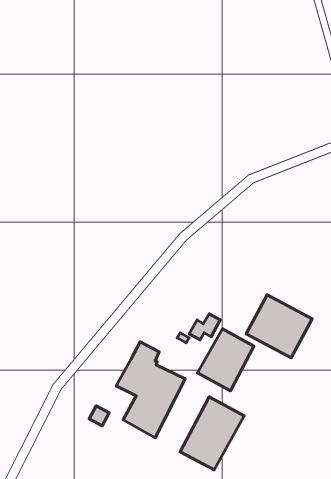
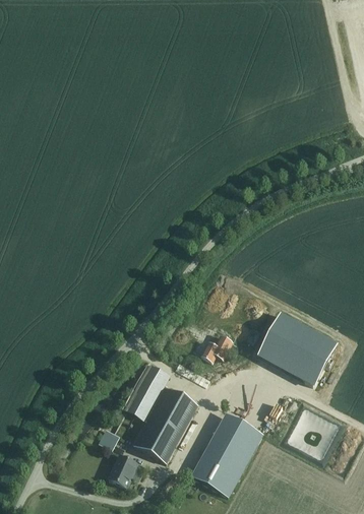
building: [198,329,254,391] -> none
building: none -> [111,453,145,484]

